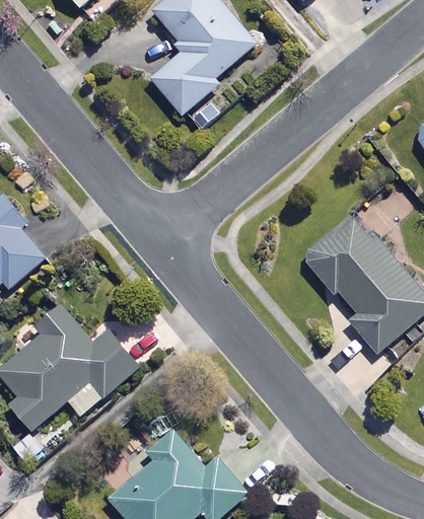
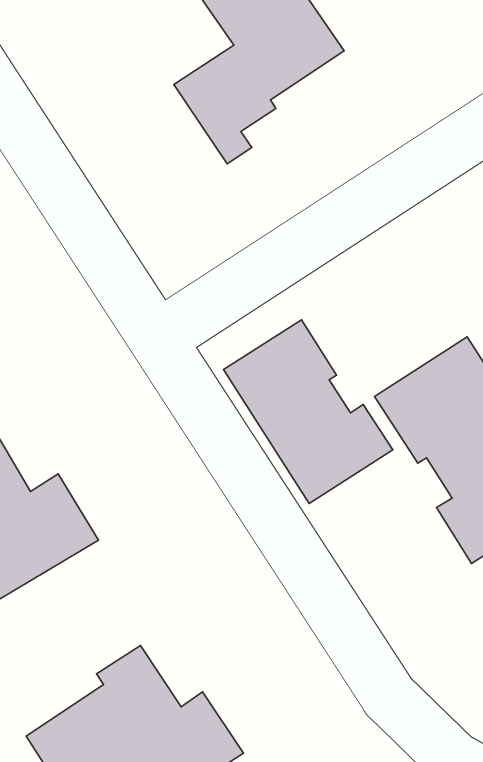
building: none -> [223,320,393,504]

